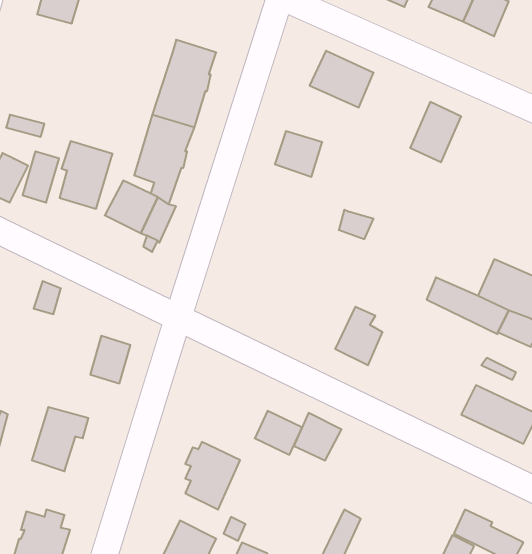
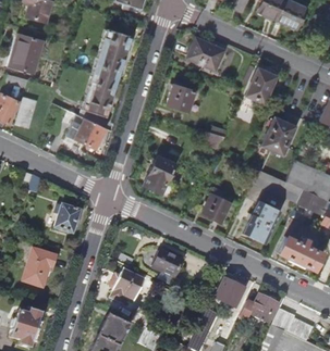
building: [60,141,113,209] -> [10,32,41,72]
building: none -> [261,118,295,155]
building: none -> [142,154,178,198]
building: none -> [244,200,280,243]
building: [294,413,342,461] -> [217,279,245,308]
building: none -> [240,294,277,323]

